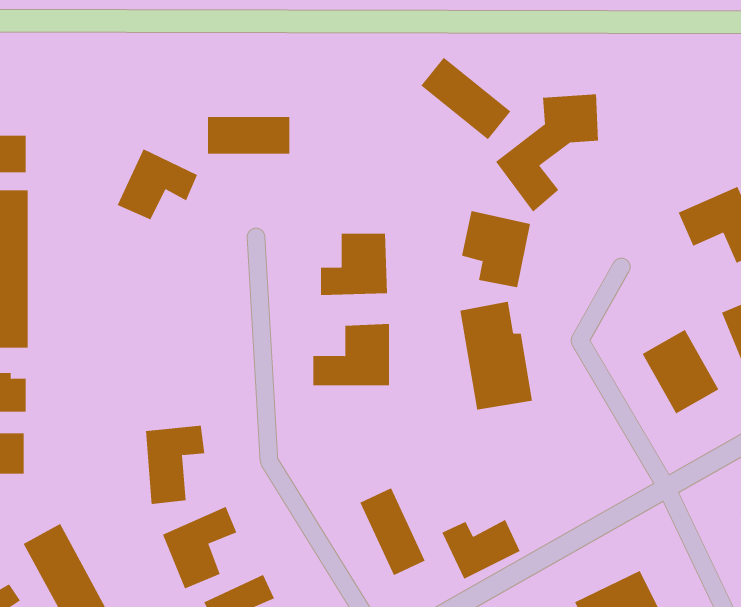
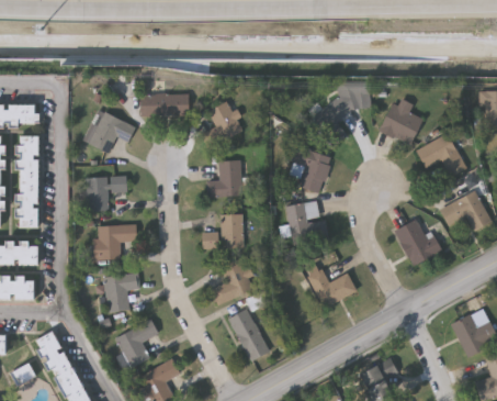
building: [420,57,511,140] -> none
building: none -> [380,97,421,145]
building: none -> [201,100,242,147]
building: none -> [84,176,126,211]
building: none -> [97,224,136,259]
building: none -> [214,258,255,303]
building: [441,519,520,579] -> [309,272,355,308]

